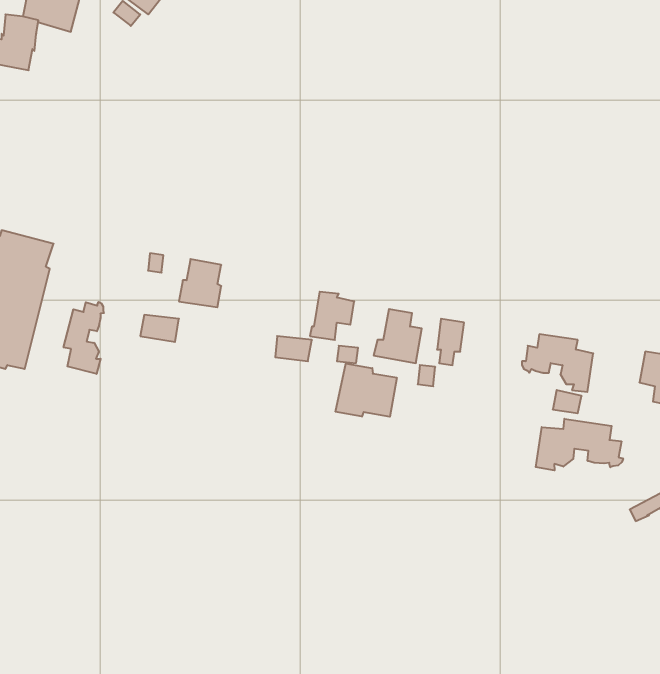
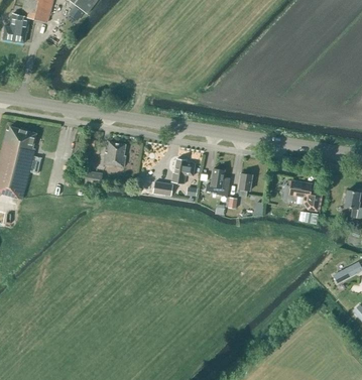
building: [64,302,104,374] -> none
building: [336,363,397,417] -> none
building: [536,419,623,470] -> none

